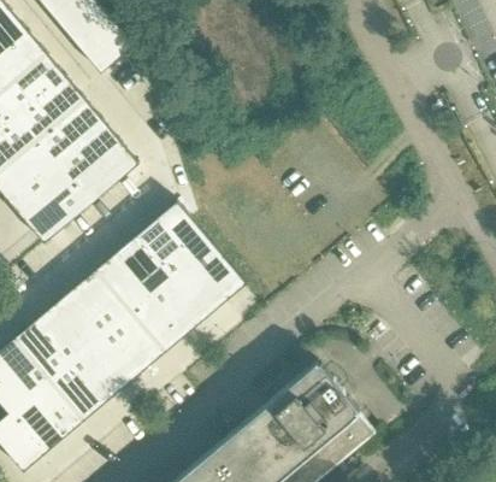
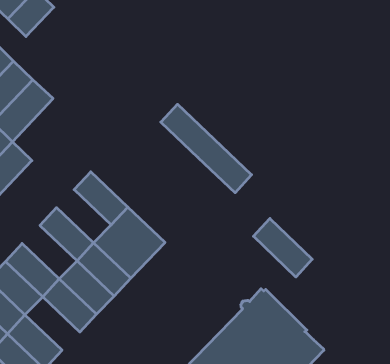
building: [73,140,138,202] -> none
building: [152,204,241,302] -> [161,104,252,193]
building: [112,237,167,295] -> none
building: [72,271,128,329] -> none
building: none -> [253,218,312,277]
building: [67,346,123,404] -> none

